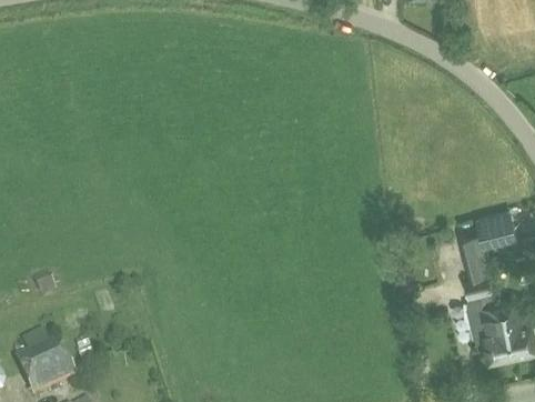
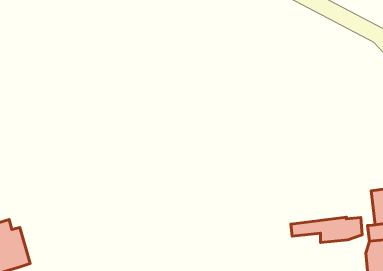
building: none -> [291,217,362,243]

